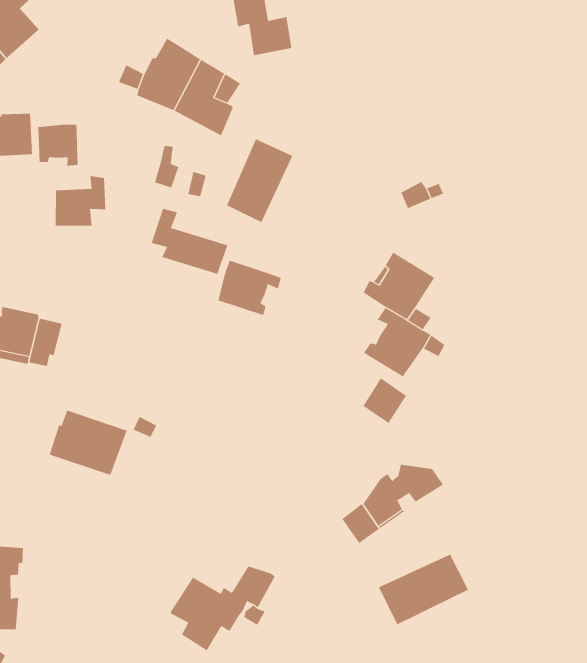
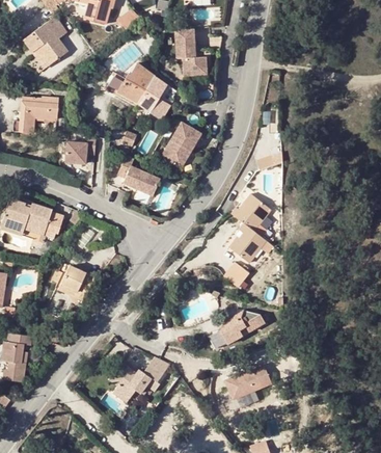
building: [38,124,78,166] -> none
building: [218,260,281,316] -> none

